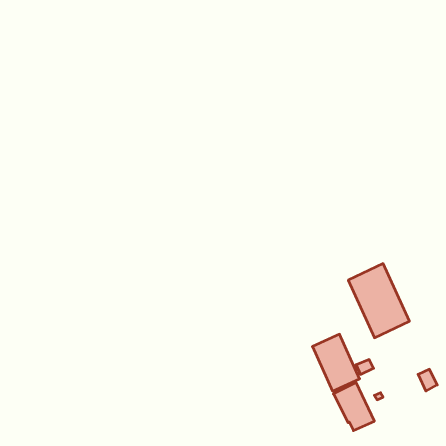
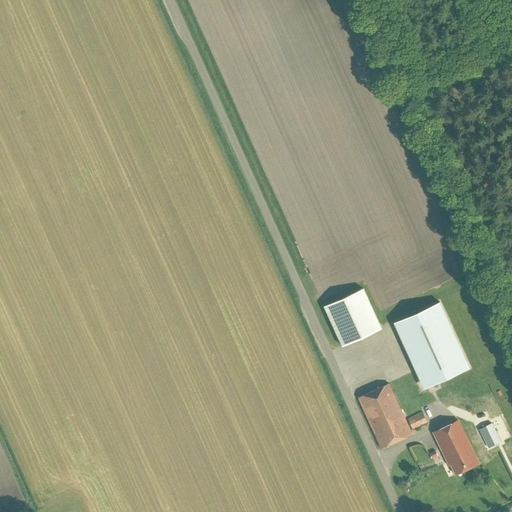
building: none -> [323,288,381,346]
building: [333,383,374,431] -> [432,419,479,474]

